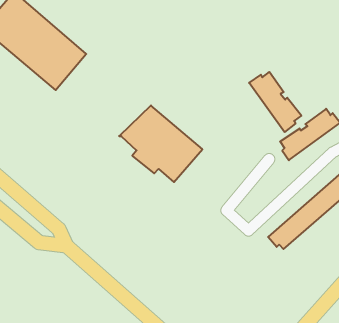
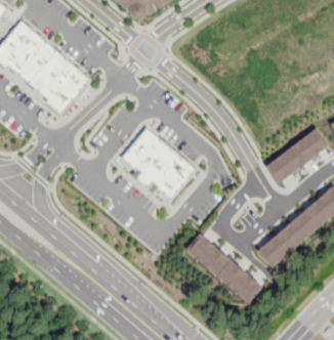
building: [249,72,301,132] -> none
building: none -> [191,235,260,299]

